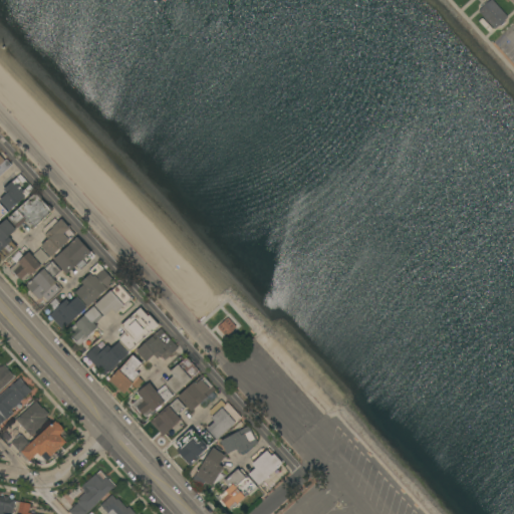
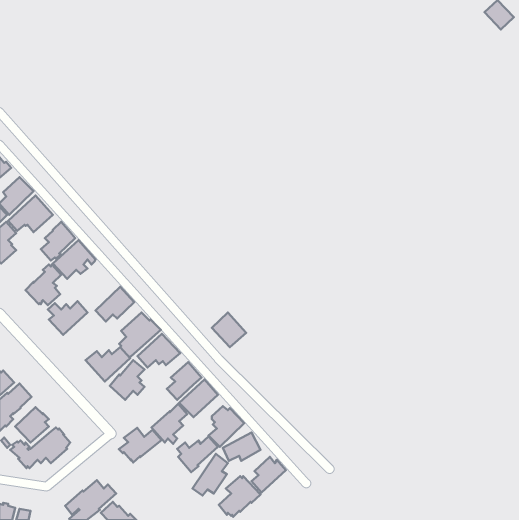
building: [8,249,48,282] -> none
building: [74,263,114,307] -> none
building: [67,307,102,346] -> none
building: [131,383,173,418] -> [119,428,162,462]

